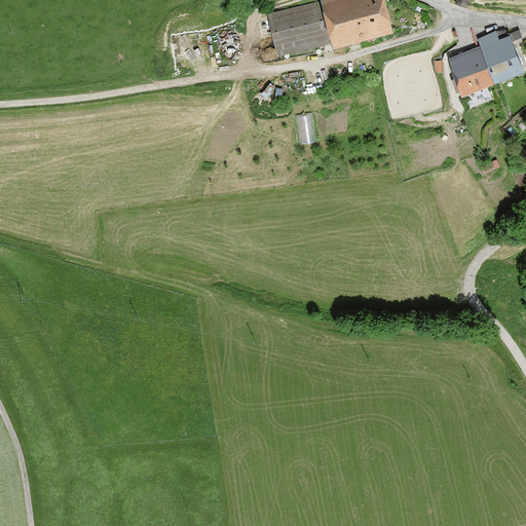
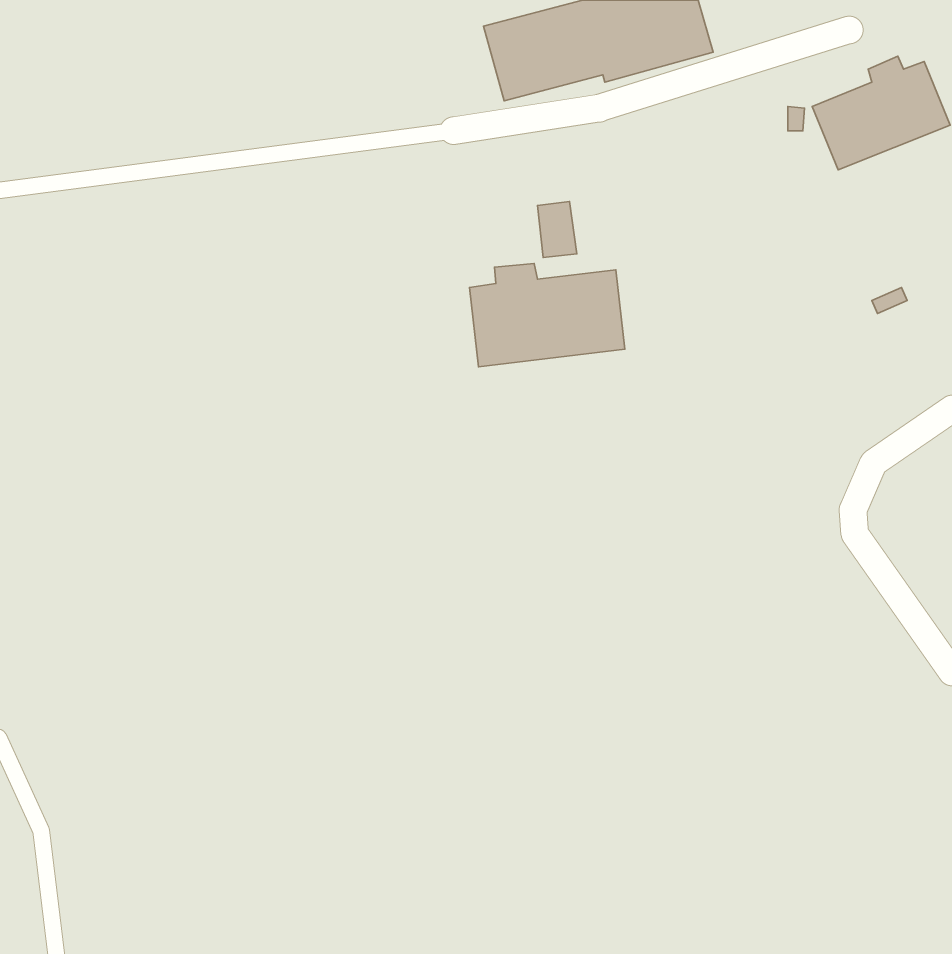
building: none -> [470,264,625,367]

